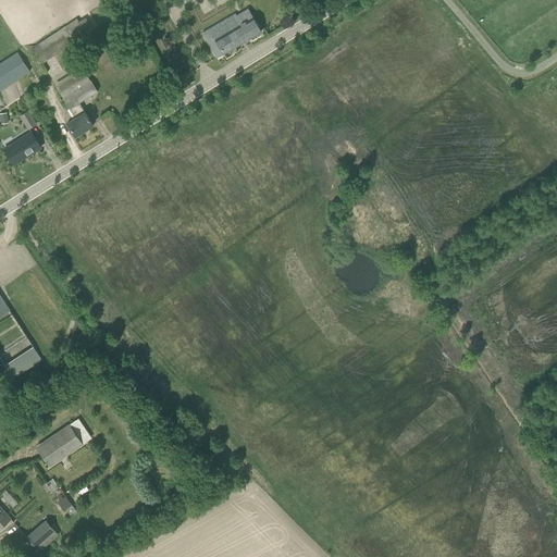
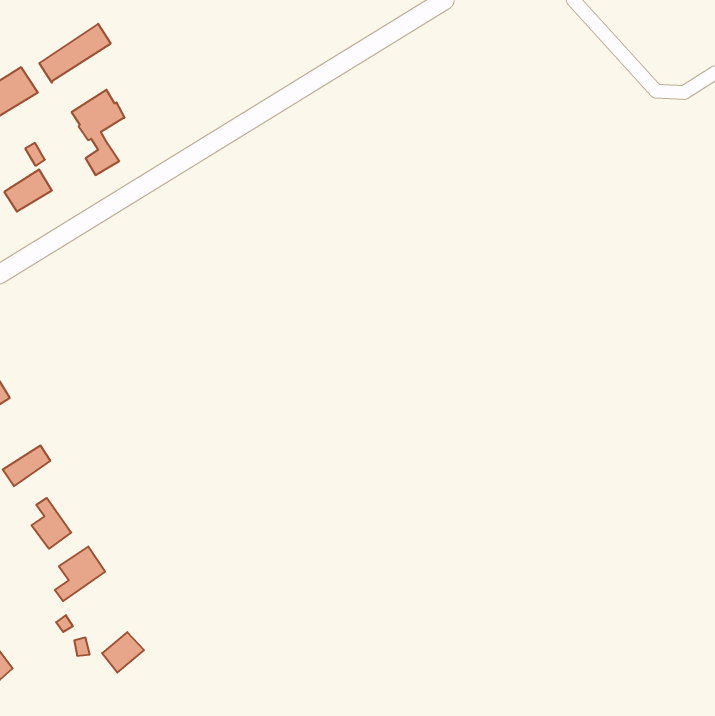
building: [201,14,260,58] -> none
building: none -> [32,498,71,549]
building: [24,516,57,547] -> [102,632,144,673]

